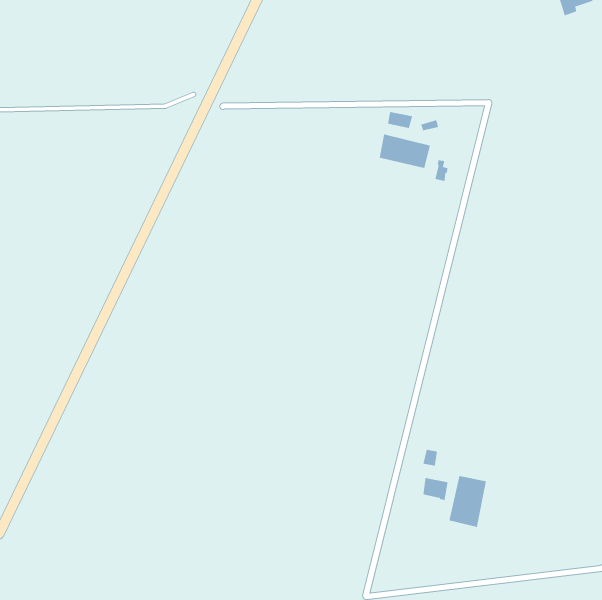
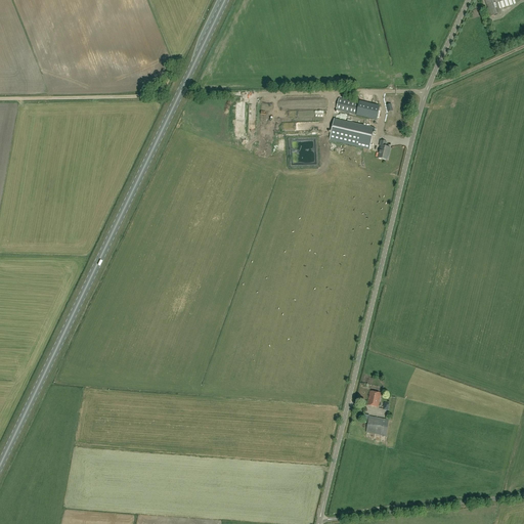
building: [449,475,487,528] -> none

